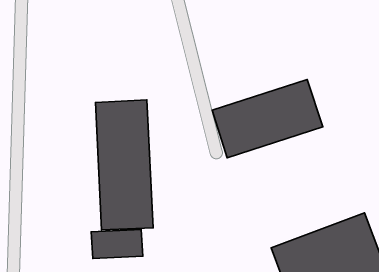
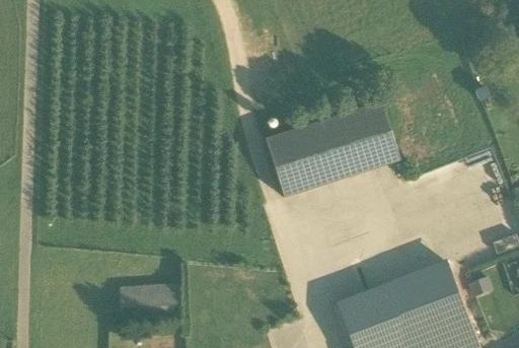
building: [96,100,153,230] -> none

